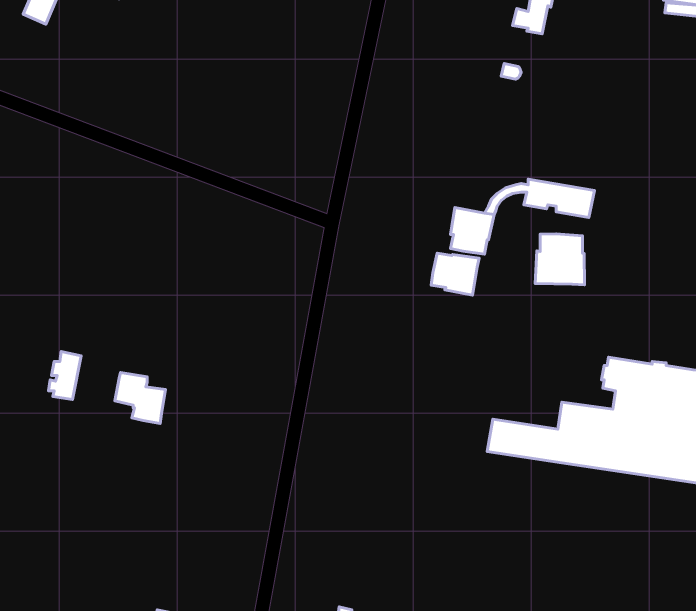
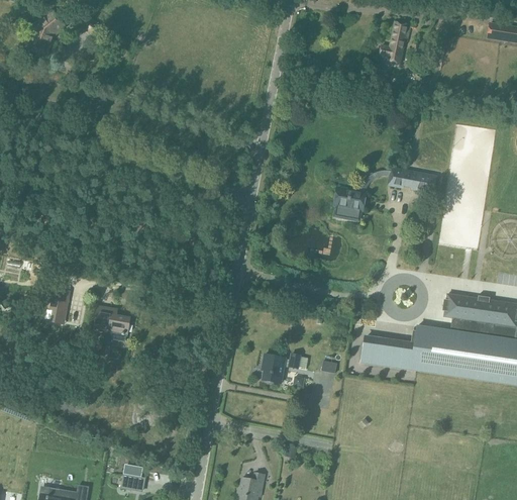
building: [535,234,585,285] -> none
building: [431,253,479,295] -> none
building: none -> [263,352,309,382]

